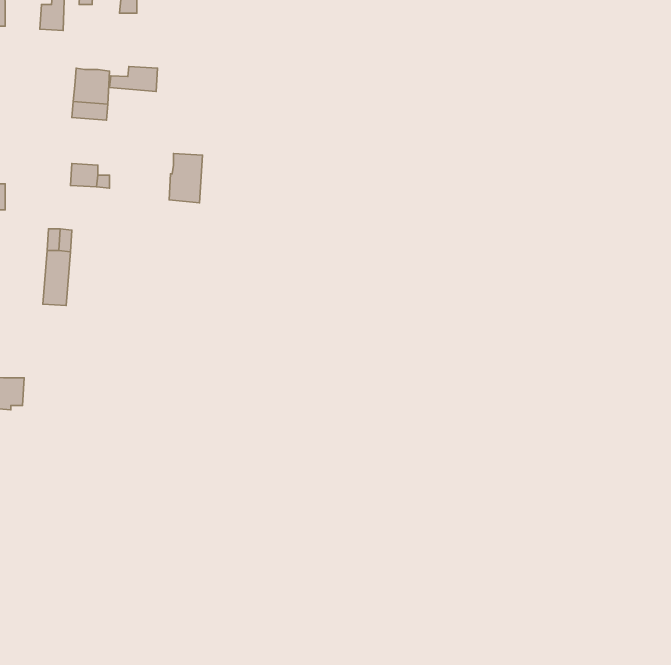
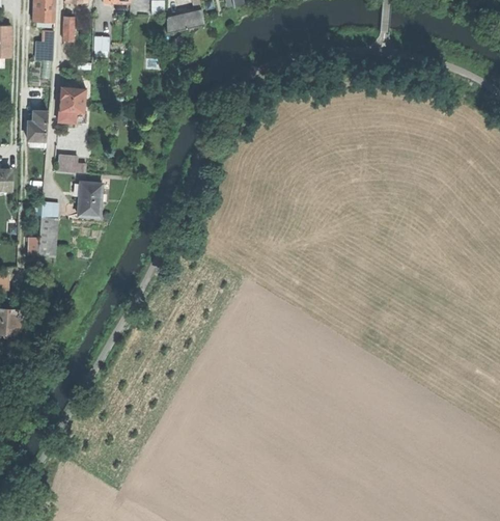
building: [110,66,157,91] -> none
building: none -> [27,110,47,139]
building: [169,154,202,203] -> [78,182,102,217]

